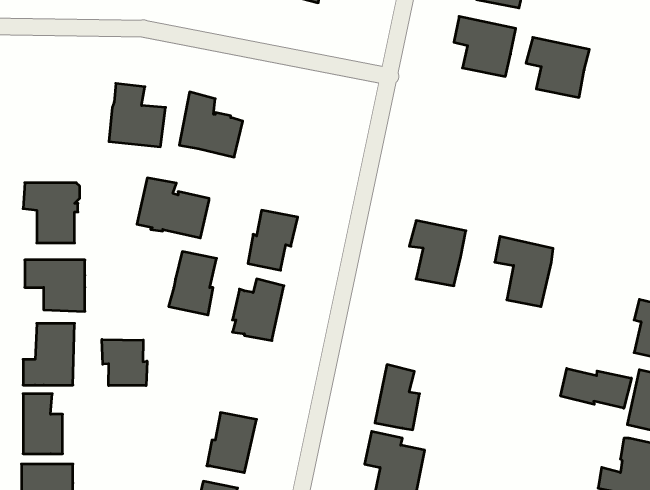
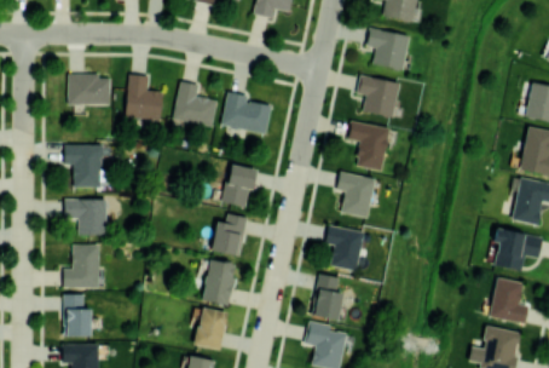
building: [526,37,589,97] -> [357,75,401,117]
building: none -> [69,75,110,105]
building: [137,178,209,238] -> [221,92,272,134]
building: [495,236,553,307] -> [349,121,391,171]
building: [169,252,217,315] -> [202,260,236,305]
building: none -> [325,225,365,271]
building: [102,339,147,386] -> none
building: [561,368,631,408] -> none

